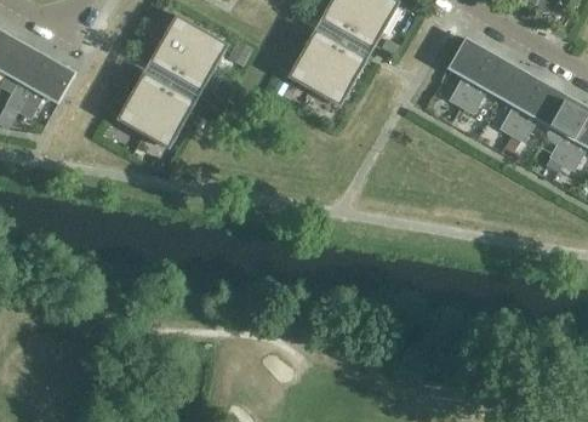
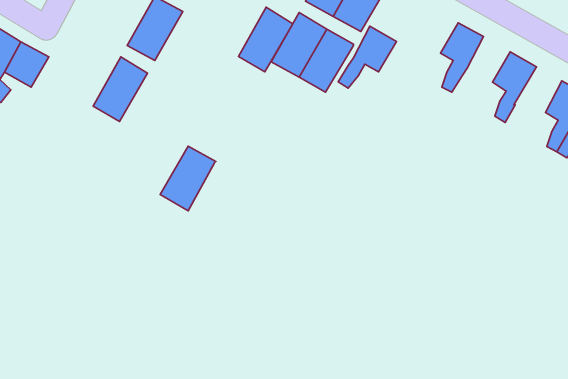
building: [176,29,228,91] -> [238,7,293,72]
building: [461,53,516,113] -> [338,26,396,88]
building: [512,82,566,141] -> none
building: [142,89,195,150] -> [160,146,216,211]

